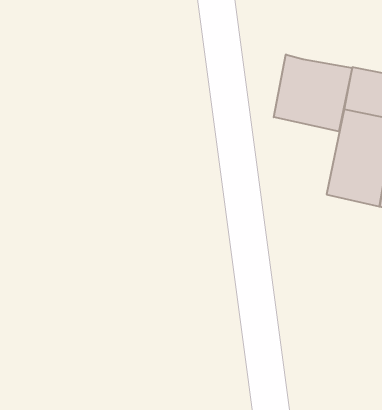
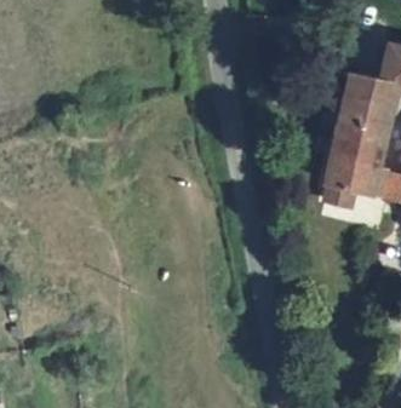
building: [274,54,352,131] -> none

